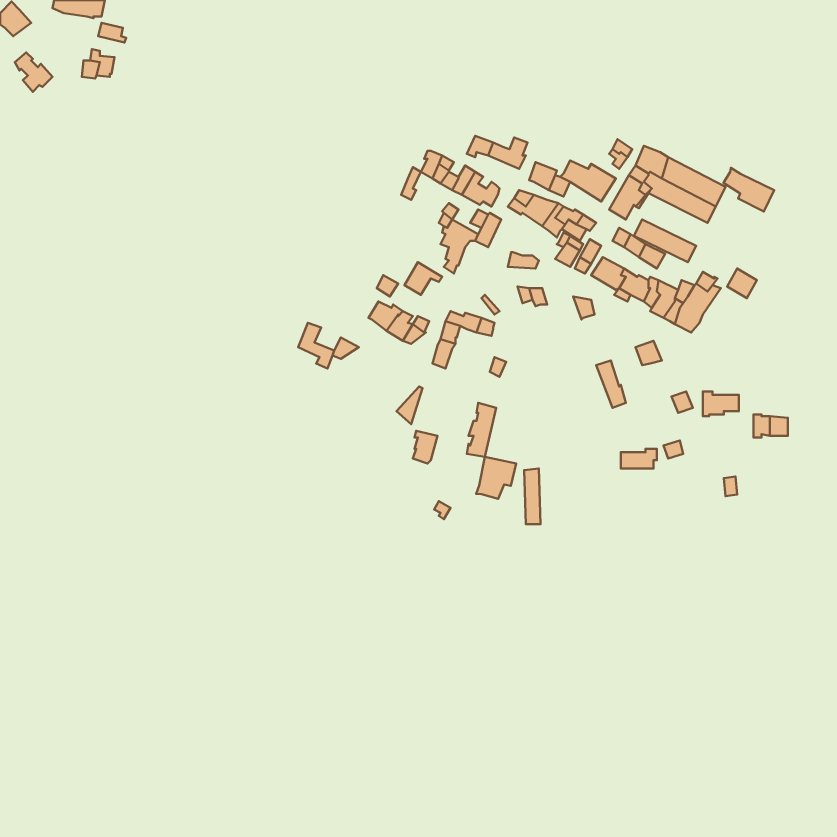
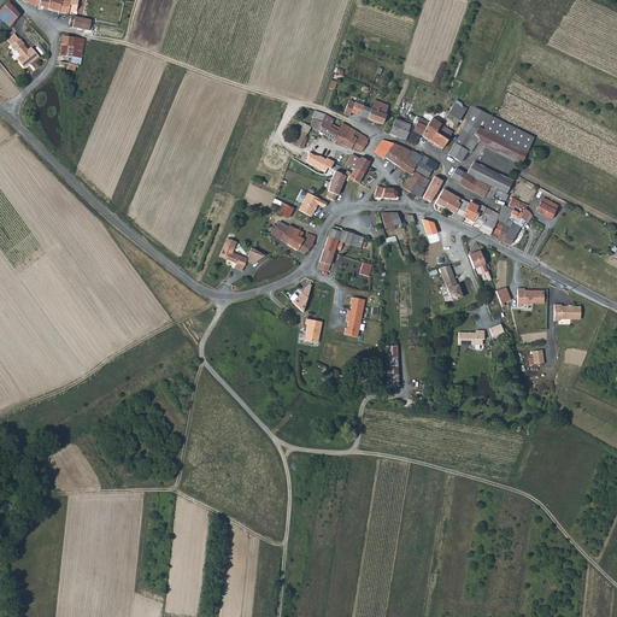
building: [723,168,774,212] -> none
building: [476,457,516,499] -> none

